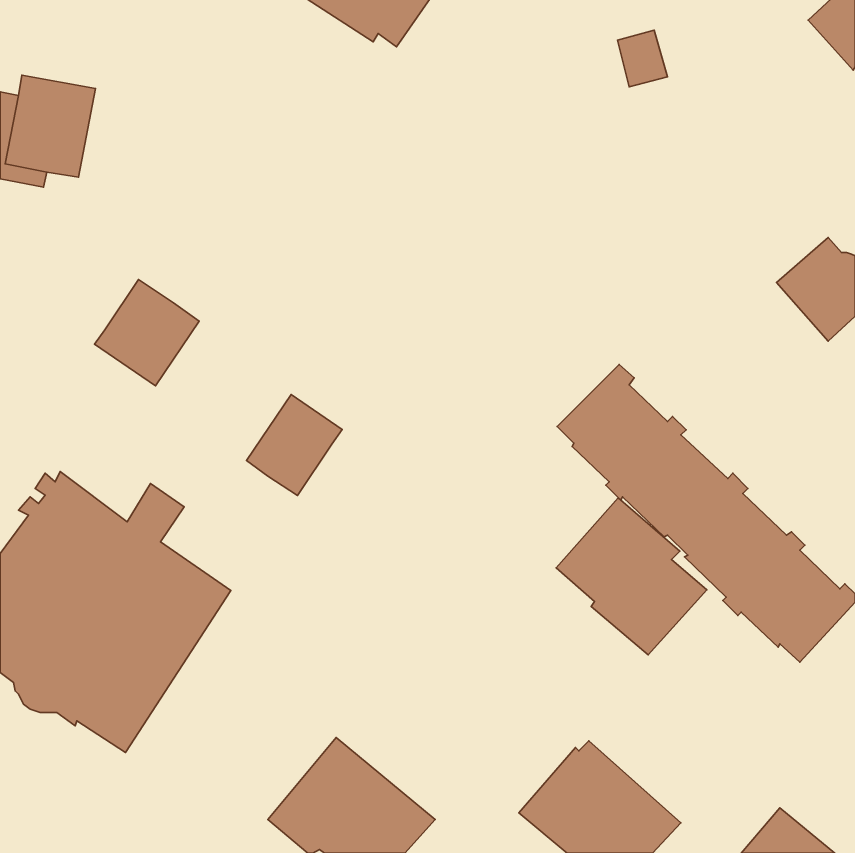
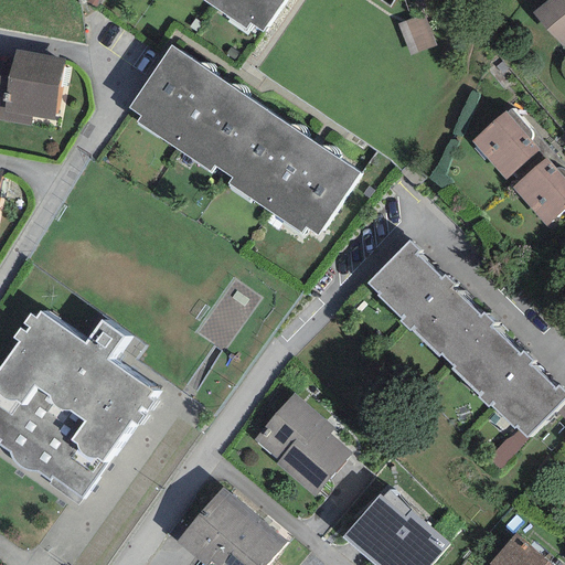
building: none -> [128,44,360,234]
building: none -> [471,108,539,179]
building: [95,279,199,386] -> none
building: [246,394,342,496] -> none
building: [556,498,707,655] -> [253,392,352,495]

